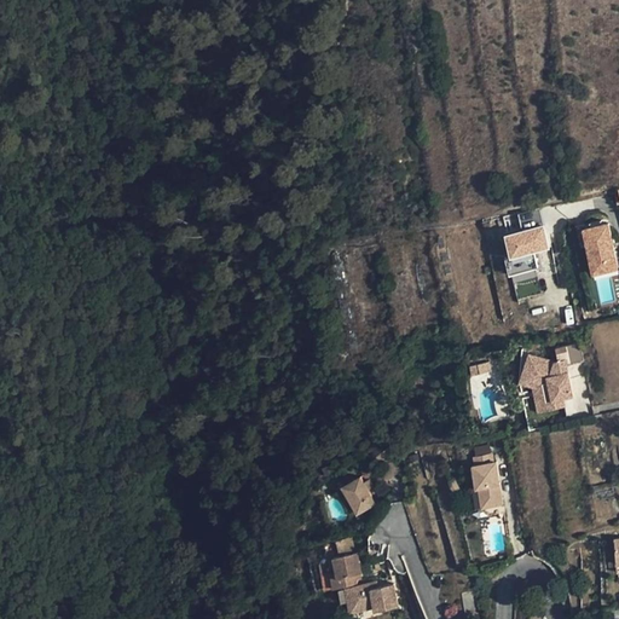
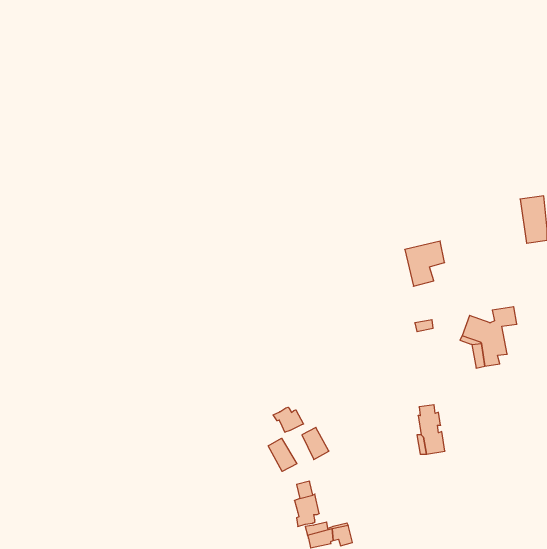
building: [505,222,550,273] -> [405,241,445,286]
building: none -> [273,407,304,432]
building: none -> [268,438,297,471]

